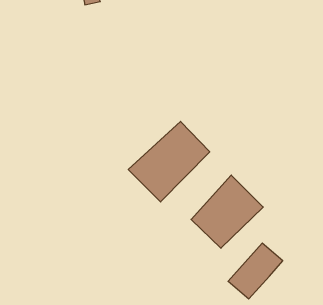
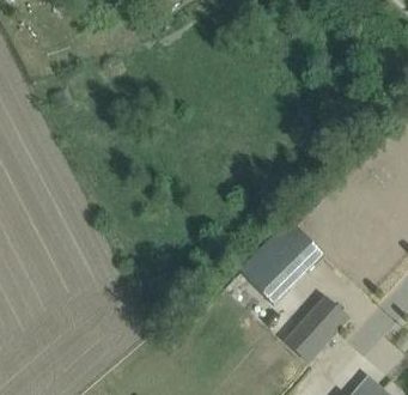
building: [128,121,210,202] -> none

